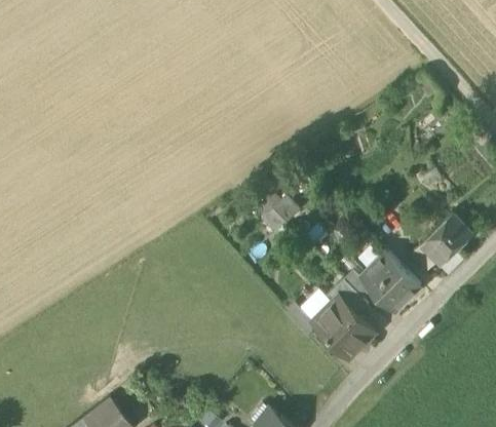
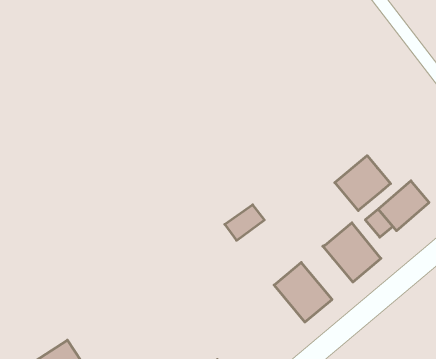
building: none -> [335,156,391,211]
building: [263,194,303,232] -> [225,205,264,240]
building: [328,271,373,317] -> none

